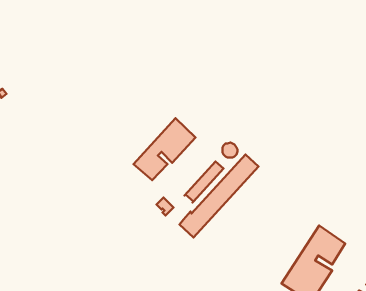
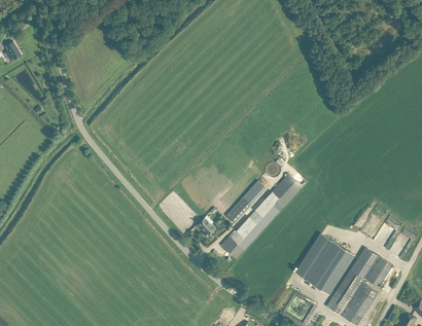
building: [133,118,195,180] -> none
building: none -> [295,232,353,293]

